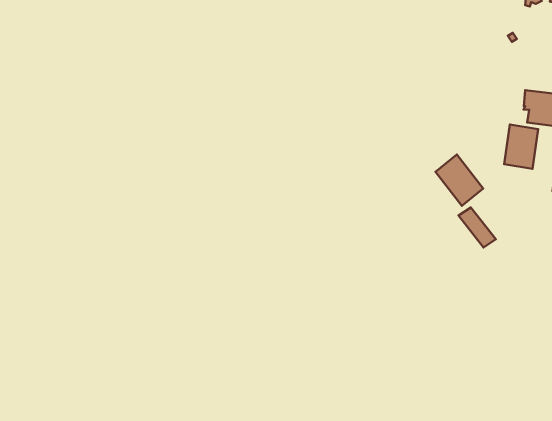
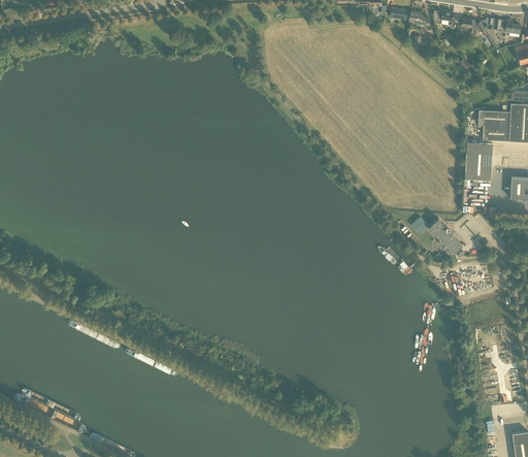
building: [436,155,483,206] -> none

